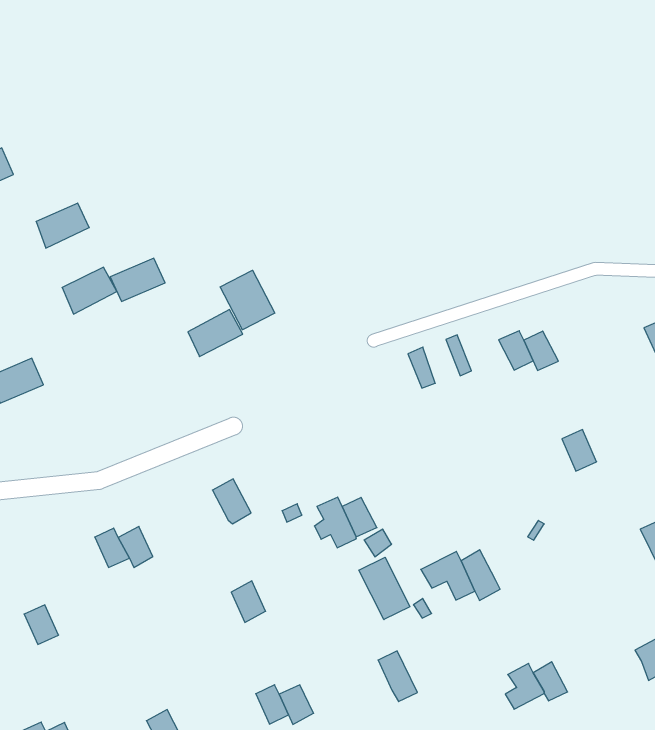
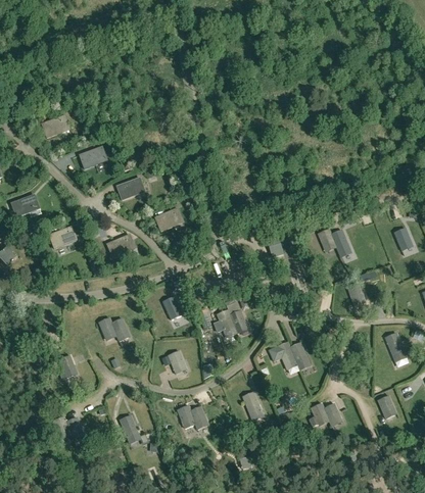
building: [62,267,117,314] -> [107,235,136,258]
building: [220,270,275,330] -> none
building: [359,557,410,620] -> none

